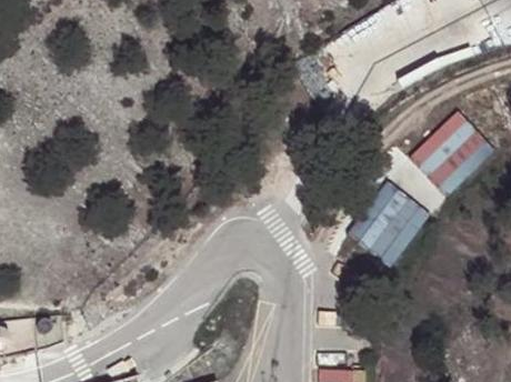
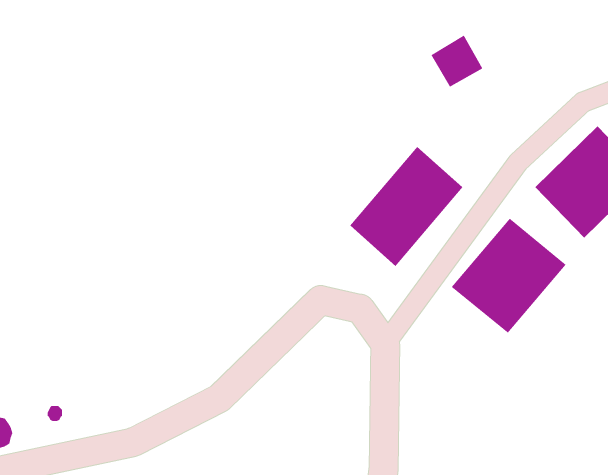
building: none -> [349,146,463,267]

